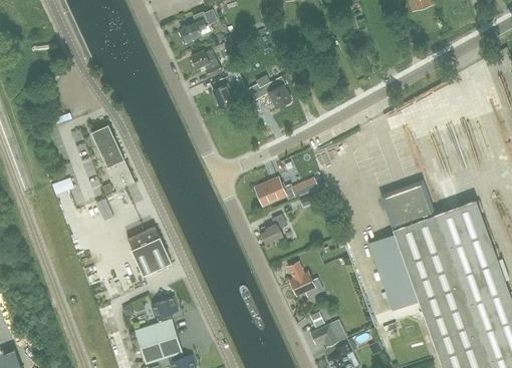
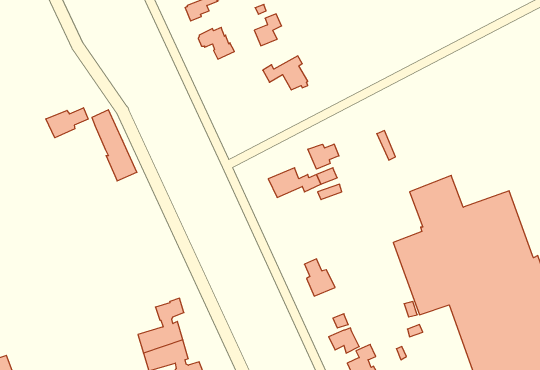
building: [212,74,237,103] -> [254,14,282,46]
building: none -> [46,108,88,138]
building: none -> [308,144,339,169]
building: [259,214,286,245] -> none
building: [126,226,171,275] -> none

